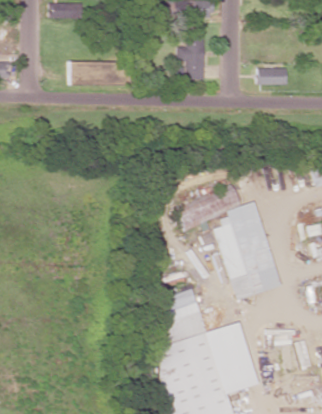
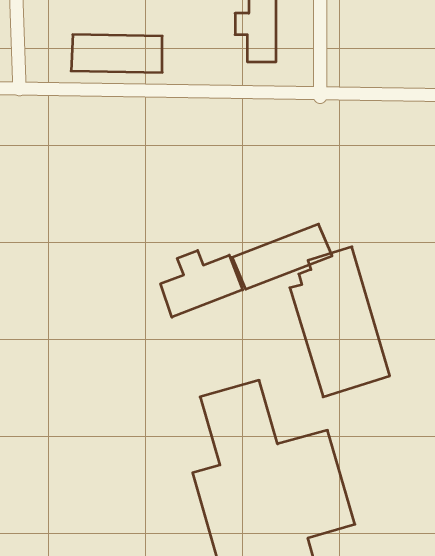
building: [258,68,287,85] -> none
building: none -> [161,250,243,317]

